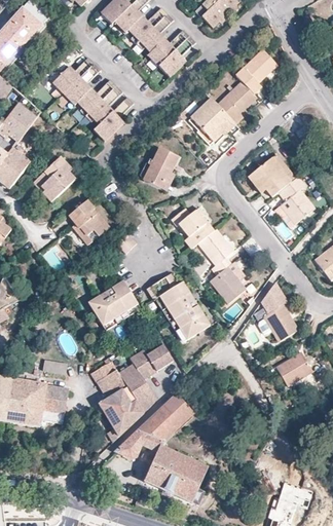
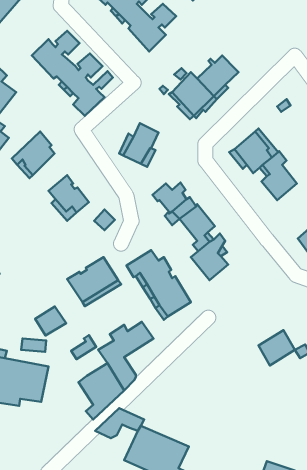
building: [235,49,278,95] -> none
building: [261,283,298,342] -> none
building: [97,369,127,398] -> [35,307,66,336]
building: [139,393,194,441] -> none

